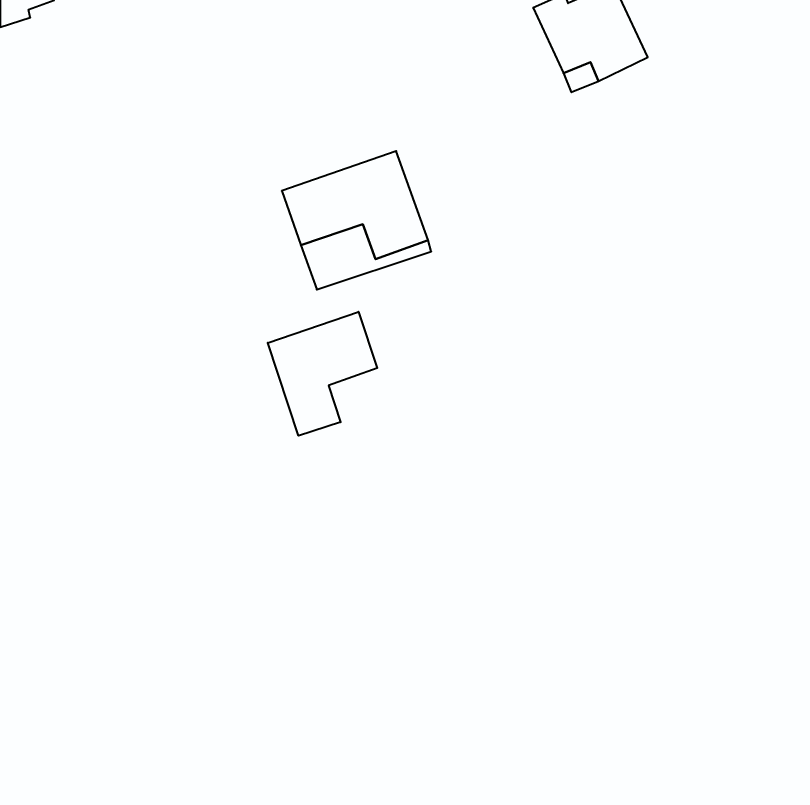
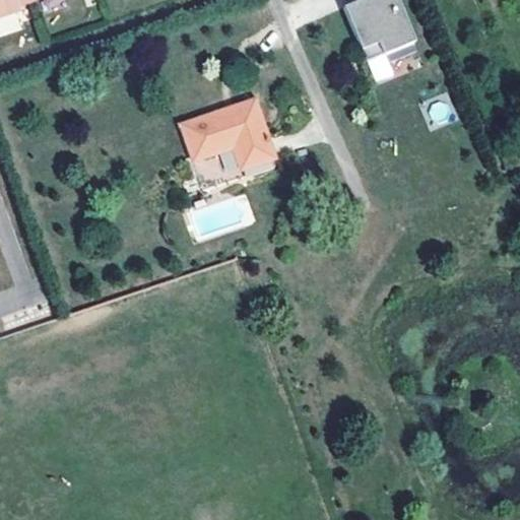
building: [268,312,377,436] -> none

